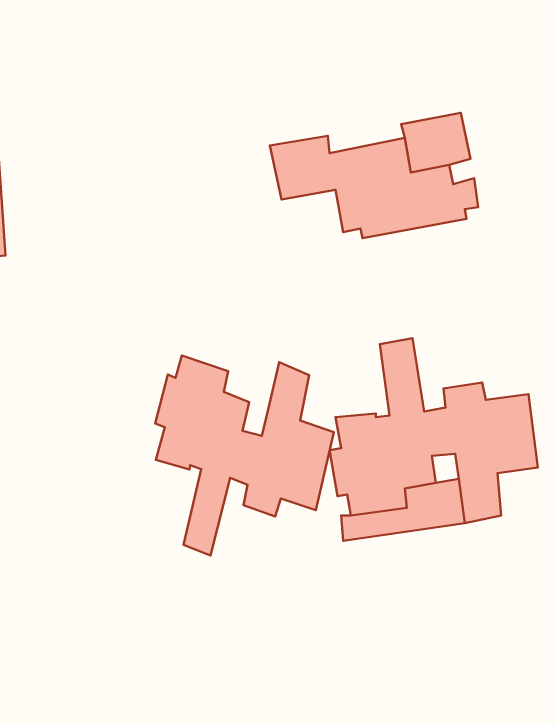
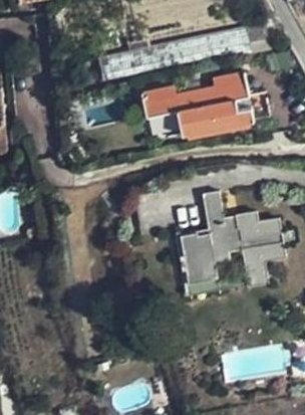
building: none -> [100,24,270,74]
building: [155,356,334,555] -> none

